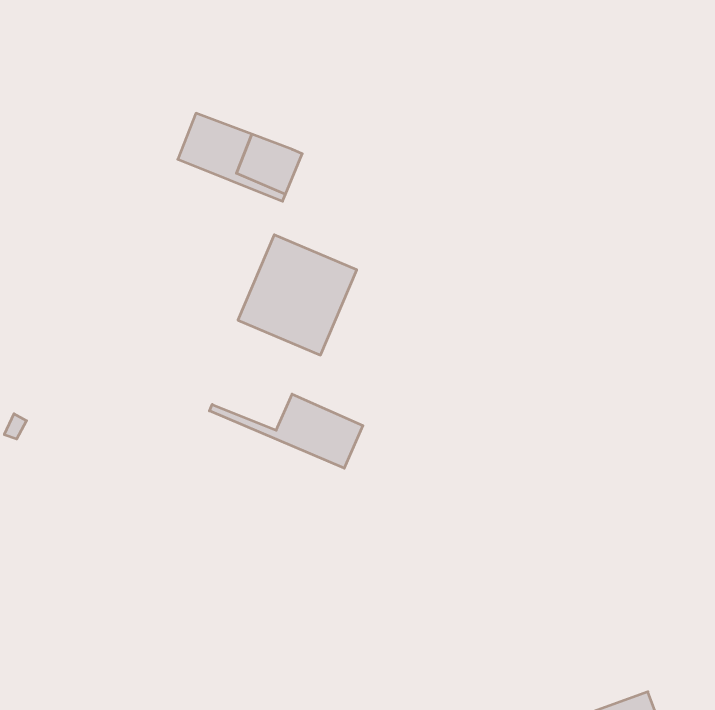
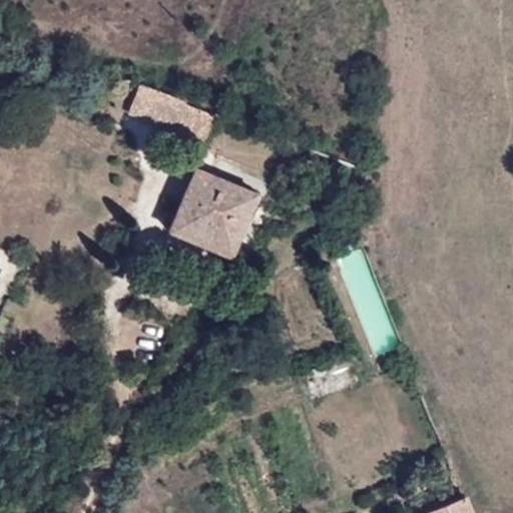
building: [209,394,363,468] -> none

